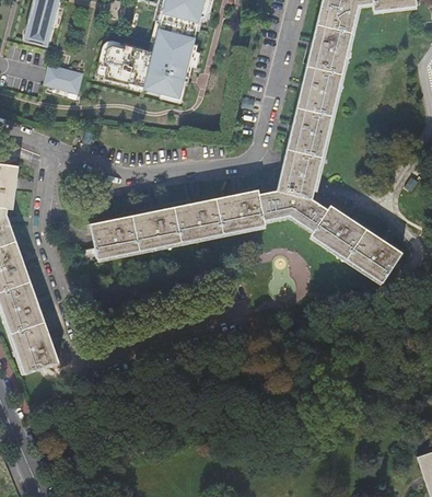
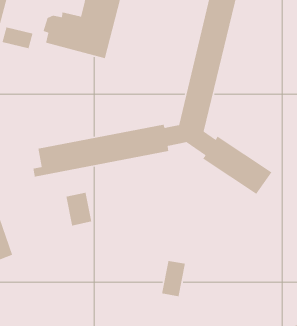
building: none -> [65,192,92,226]
building: none -> [161,260,186,297]

